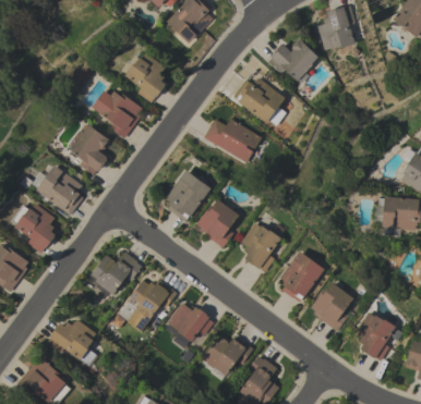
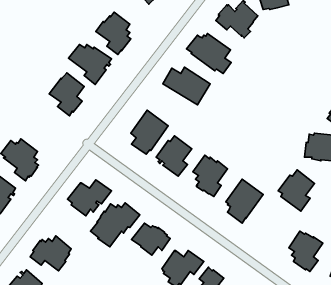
building: [36,164,83,215] -> none
building: [310,282,353,331] -> [278,170,315,211]

